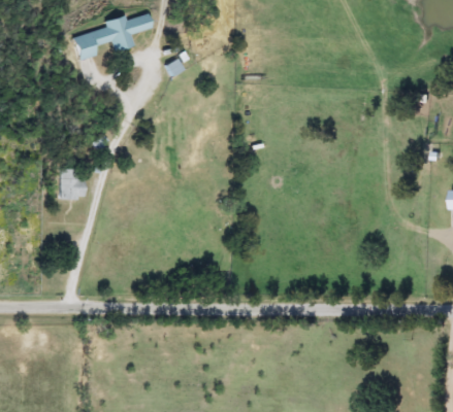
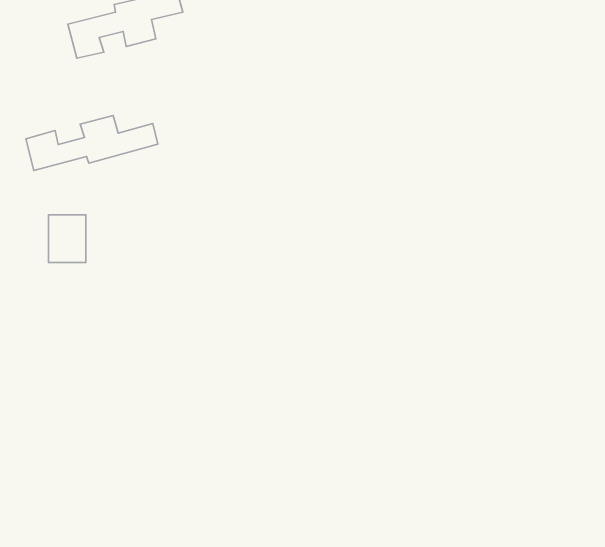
building: none -> [26,115,158,170]

